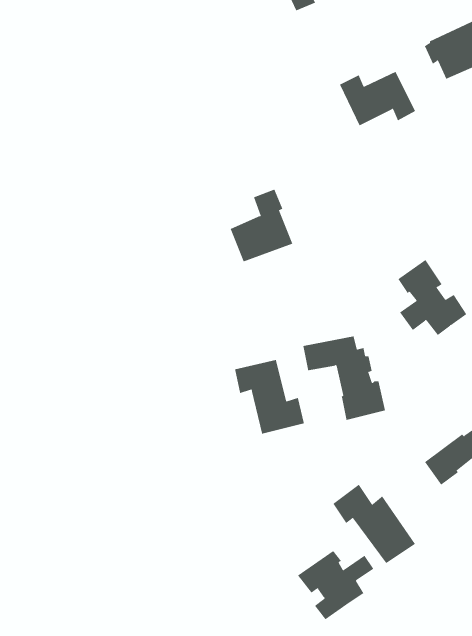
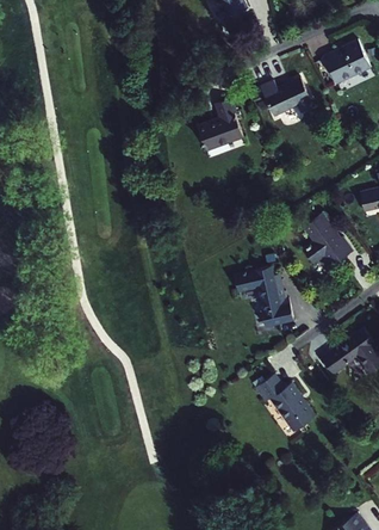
building: [230,189,293,262] -> [199,98,244,150]
building: [235,359,304,435] -> none
building: [297,550,374,620] -> none

